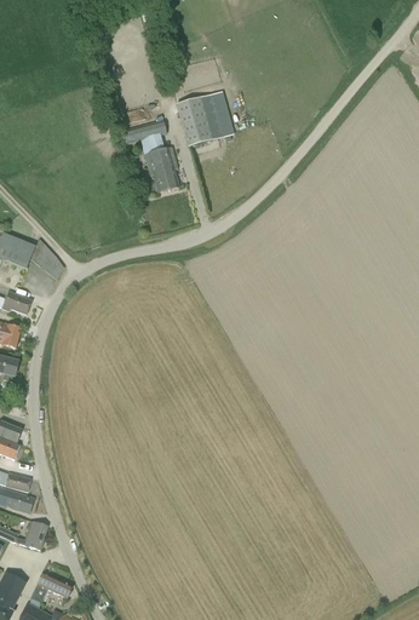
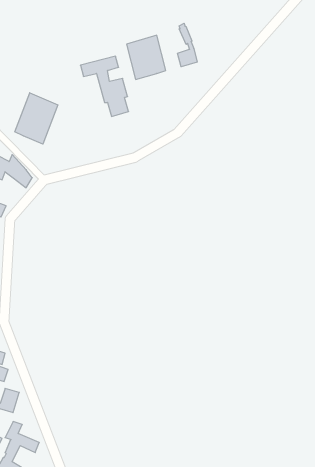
building: none -> [177,23,197,67]
building: none -> [15,93,58,144]

